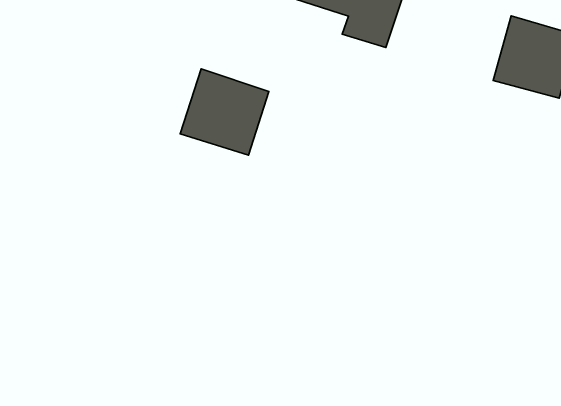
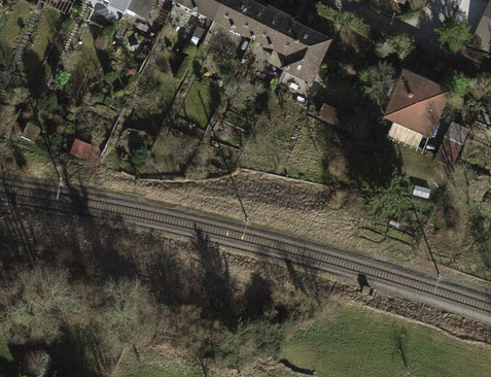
building: [180,69,269,155] -> none

